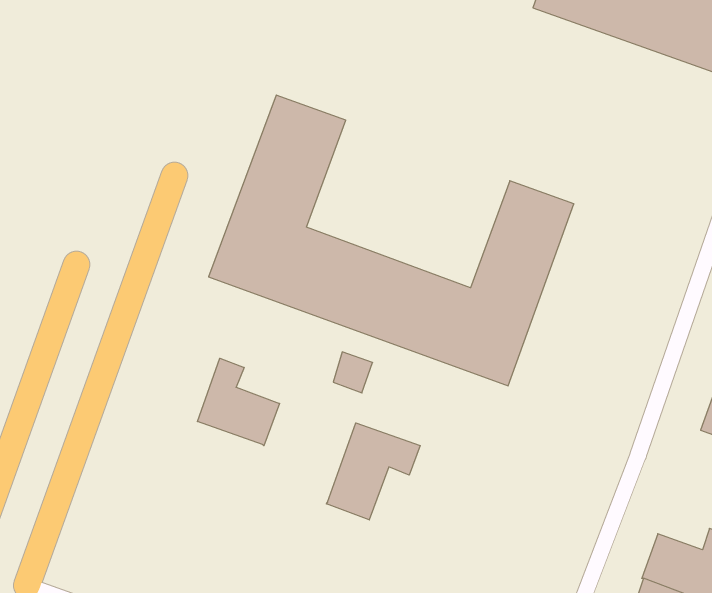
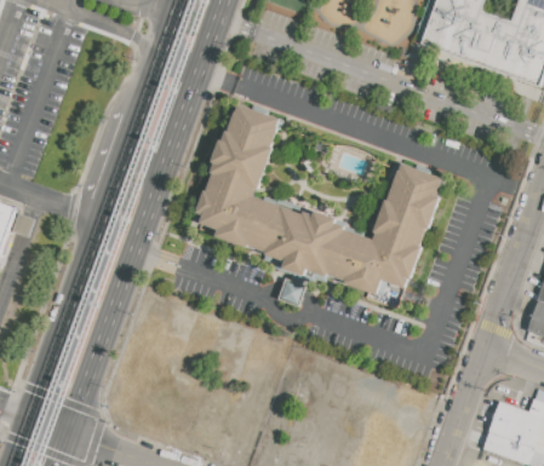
building: [197,358,280,446] -> none
building: [326,423,420,520] -> none

